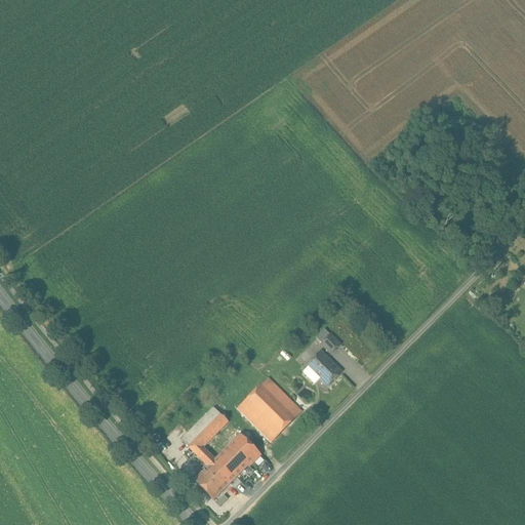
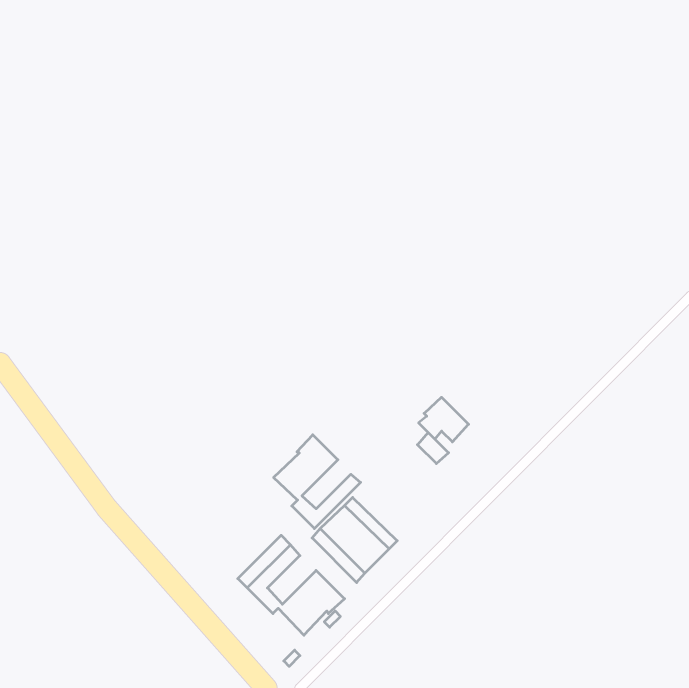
building: none -> [274,435,361,529]
building: [304,351,341,385] -> [419,397,469,442]
building: [195,461,232,499] -> none

